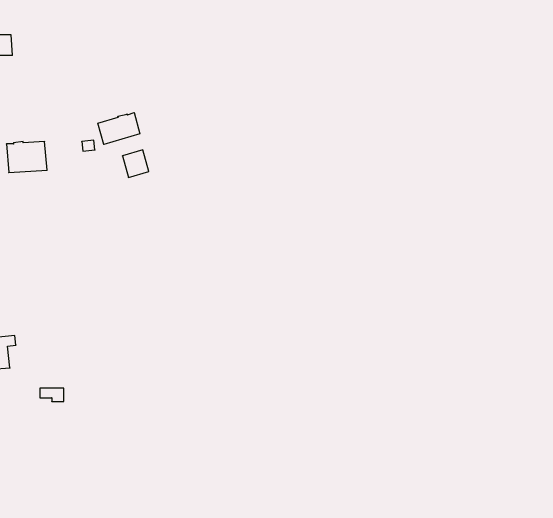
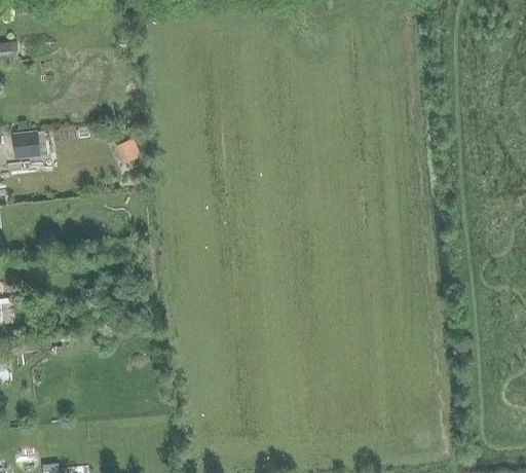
building: [98,113,140,144] -> none

